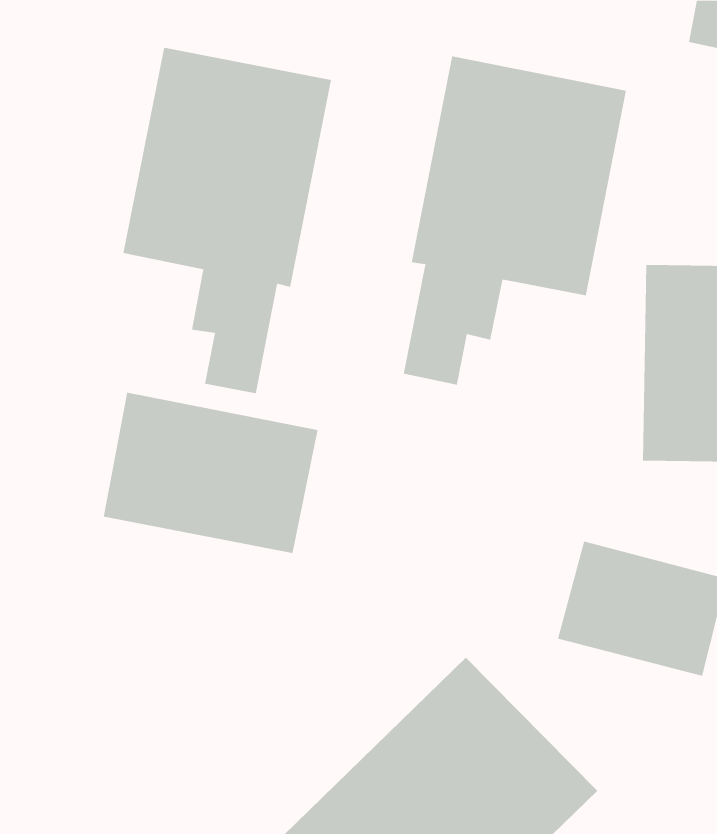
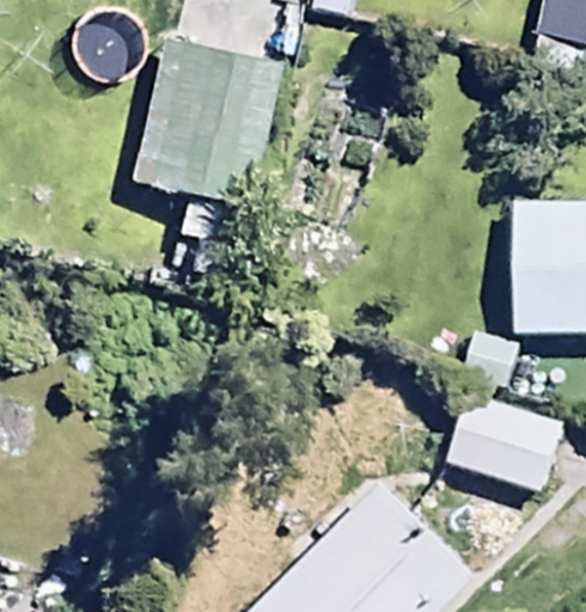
building: [403,55,626,385] -> none
building: [103,392,318,554] -> none

